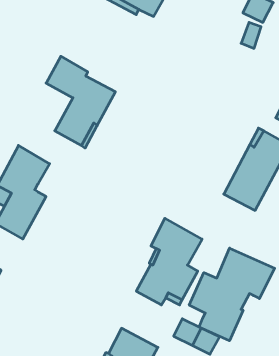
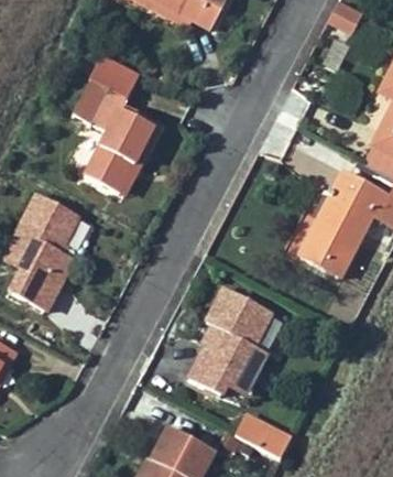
building: none -> [92,54,141,99]
building: [189,248,275,341] -> none

